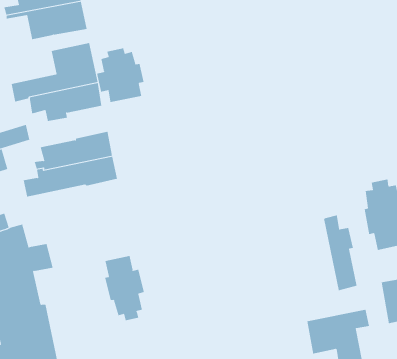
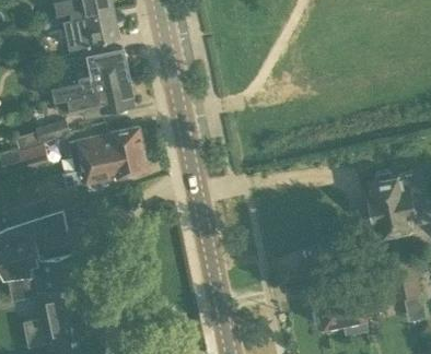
building: [96,48,144,103] -> none
building: [324,214,357,291] -> none
building: [105,255,145,321] -> none

